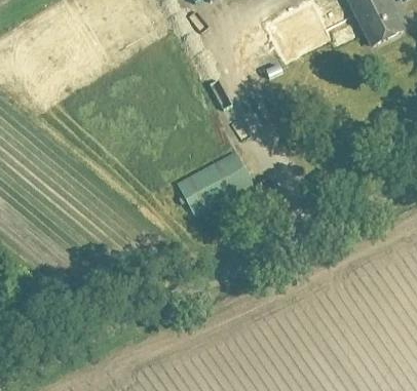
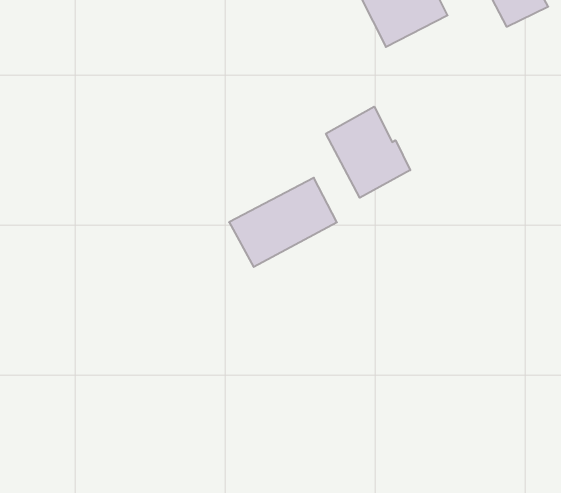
building: none -> [326,107,410,198]

